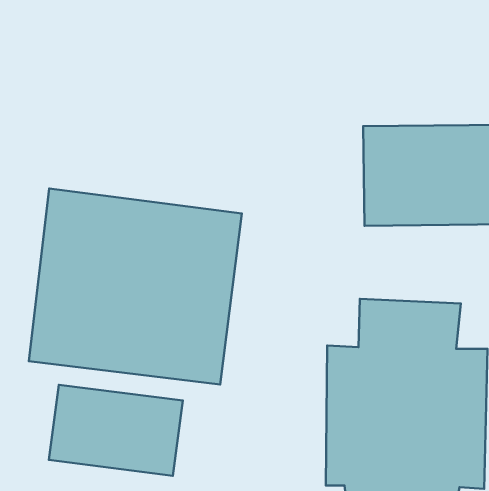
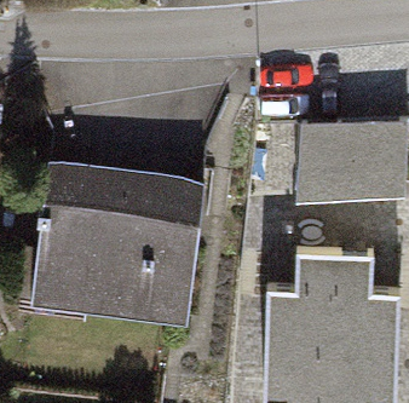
building: [49,385,183,476] -> none

